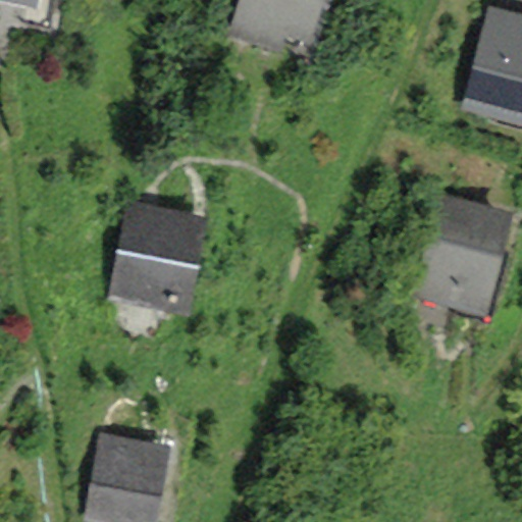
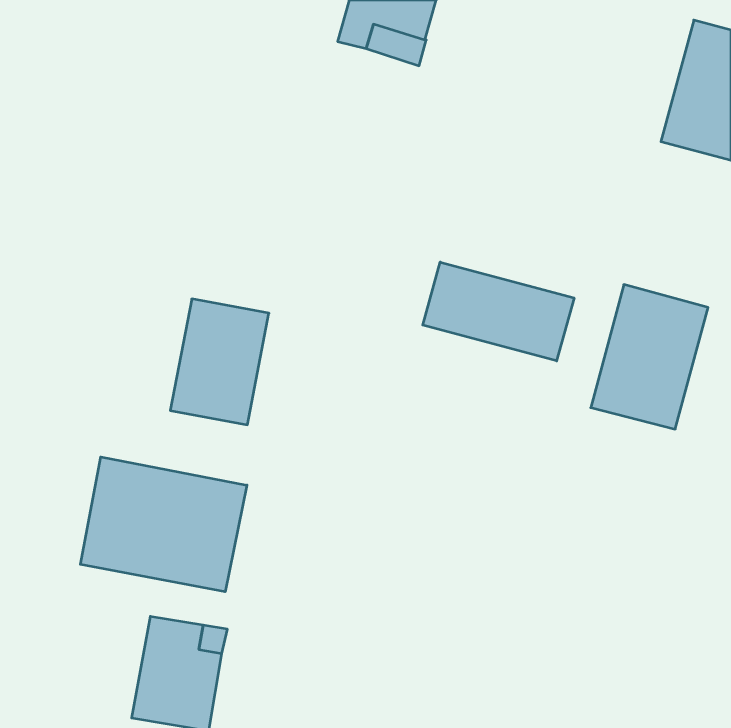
building: none -> [423,262,574,361]
building: none -> [80,457,247,592]

